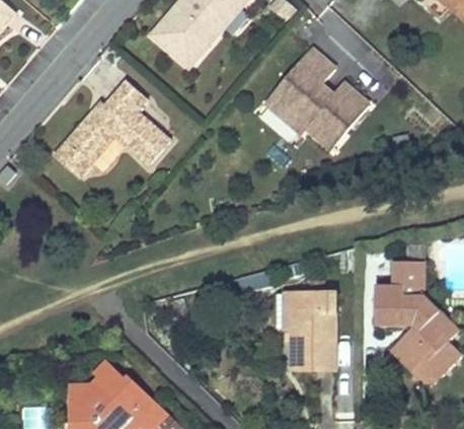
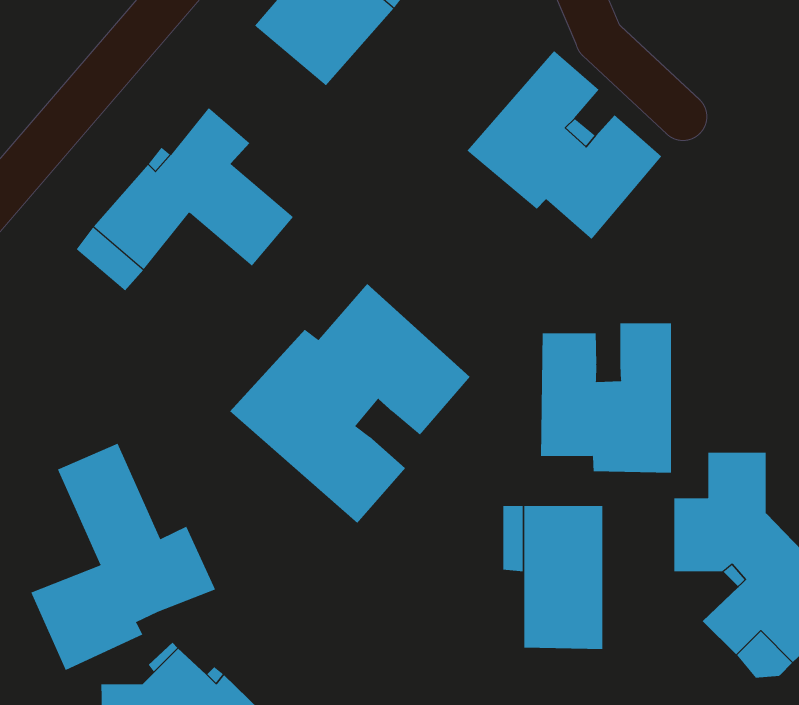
building: none -> [229,283,470,524]
building: none -> [541,322,671,474]
building: none -> [30,443,216,671]

